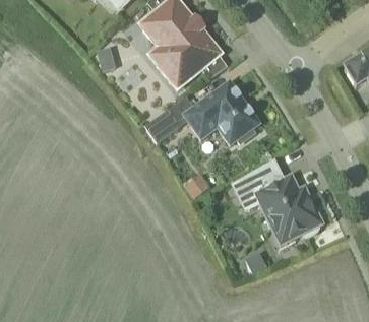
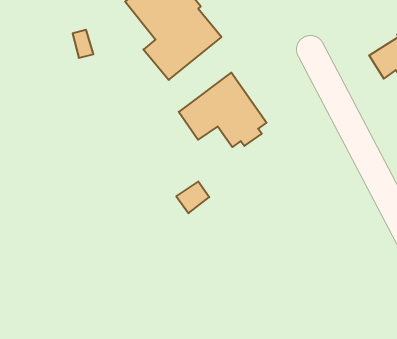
building: [144,109,177,140] -> none
building: [235,173,322,247] -> none

